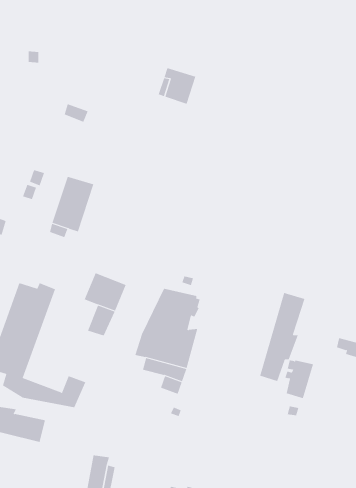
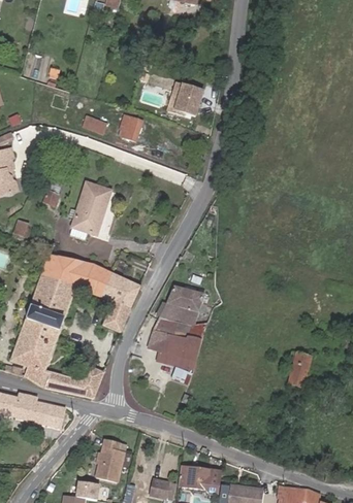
building: none -> [119,113,141,139]
building: none -> [40,255,110,295]
building: [259,292,305,382] -> none

